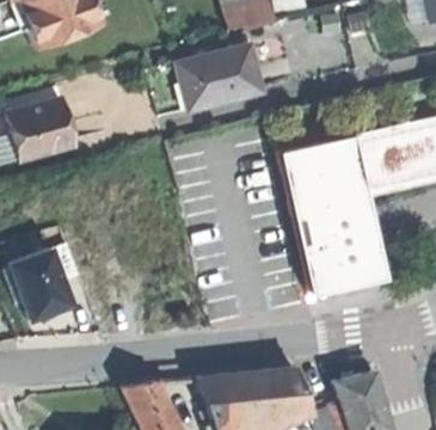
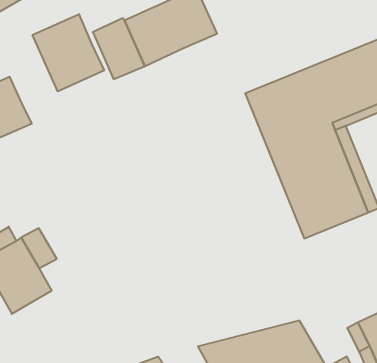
building: none -> [33,14,104,91]

